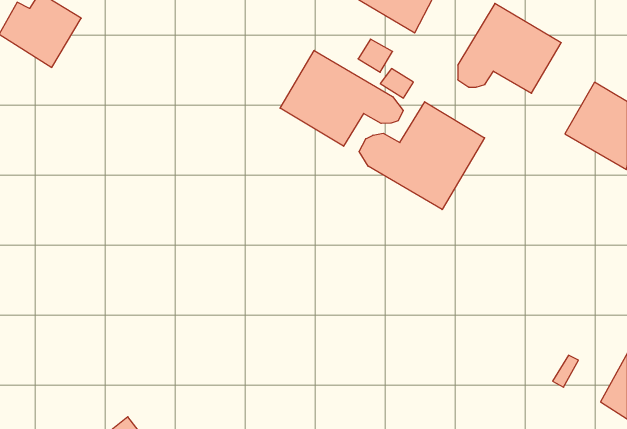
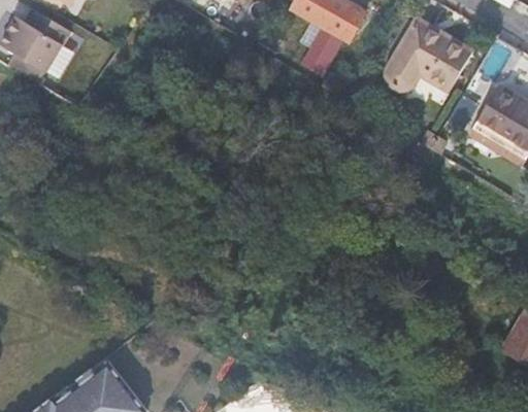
building: [280,50,403,146] -> none
building: [359,102,485,210] -> none

